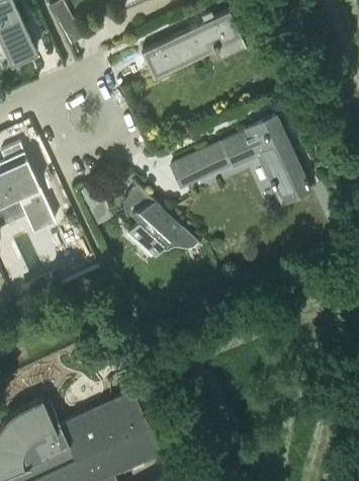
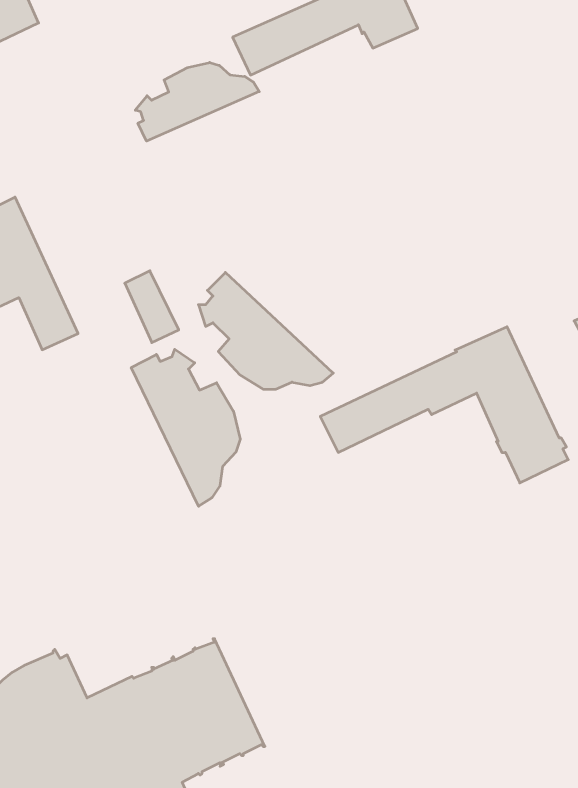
building: none -> [135,62,259,141]
building: [171,117,310,206] -> [320,327,568,483]
building: none -> [131,349,240,506]

